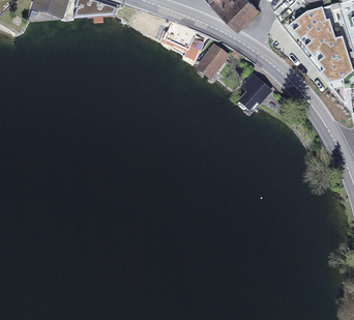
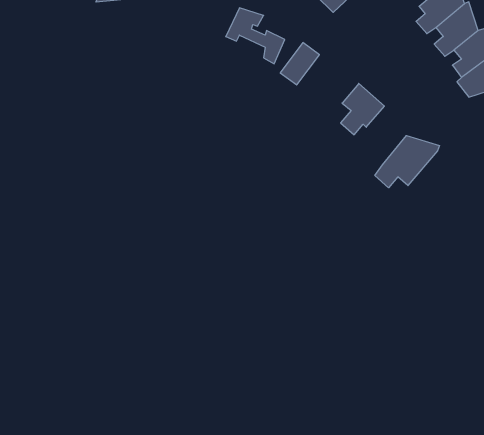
building: none -> [375,136,440,188]

